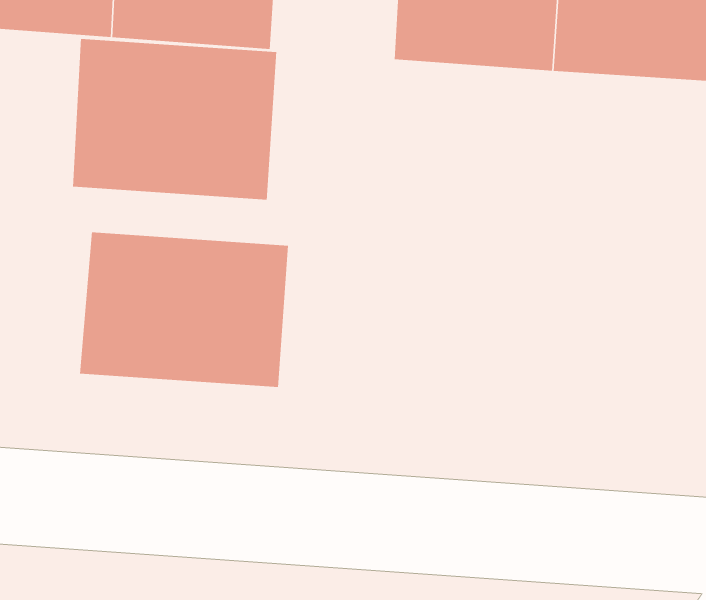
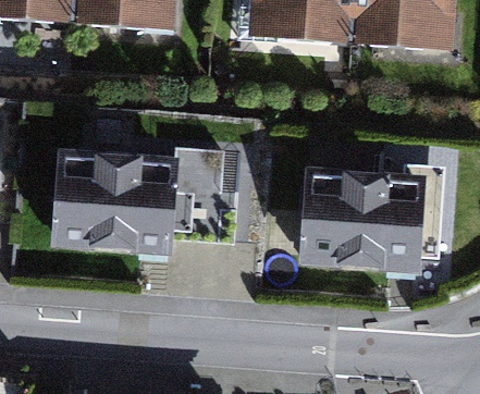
building: [73,38,277,201] -> none
building: none -> [297,170,432,271]

